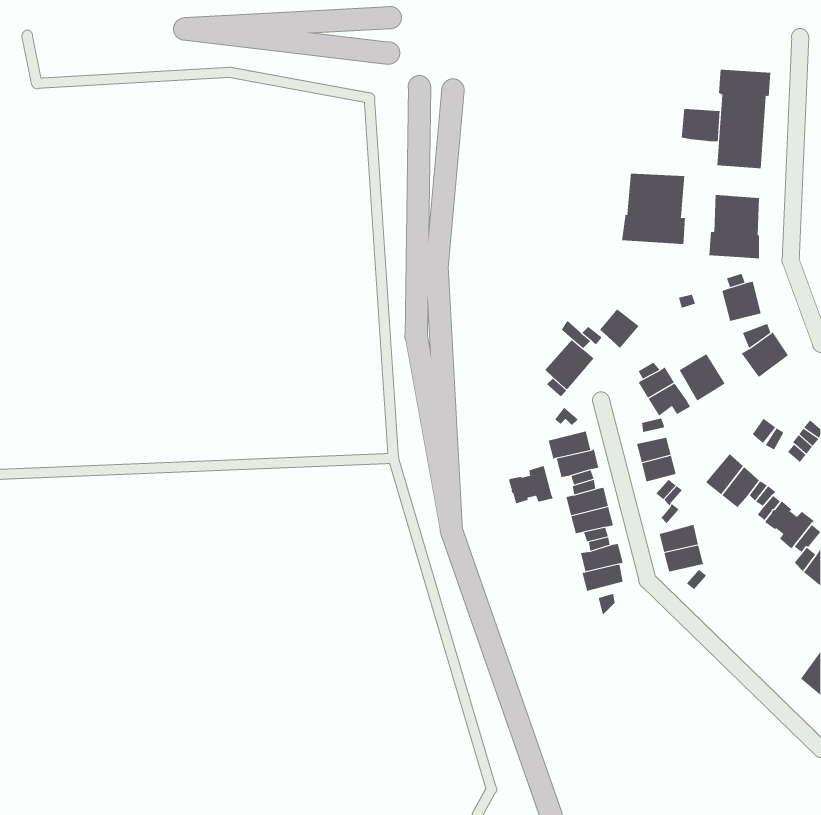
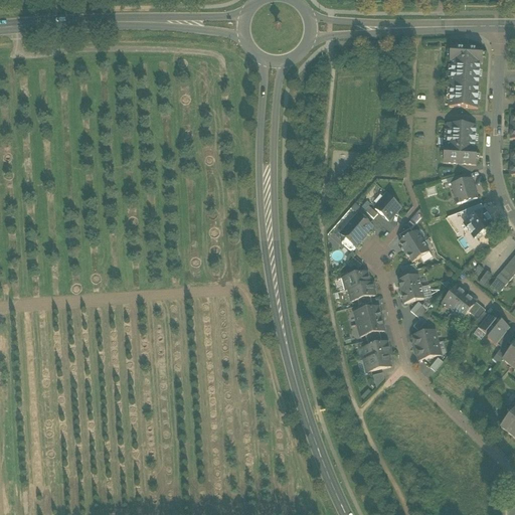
building: [681,108,720,142] -> none
building: [622,173,685,245] -> none
building: [679,353,725,402] -> none
building: [509,465,554,505] -> none

